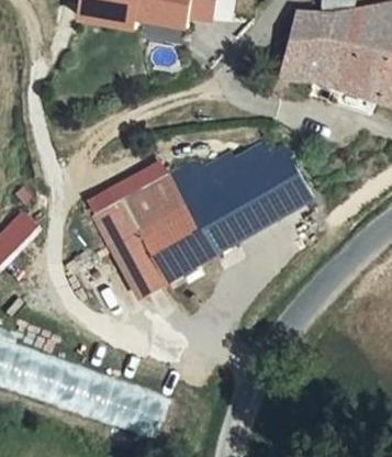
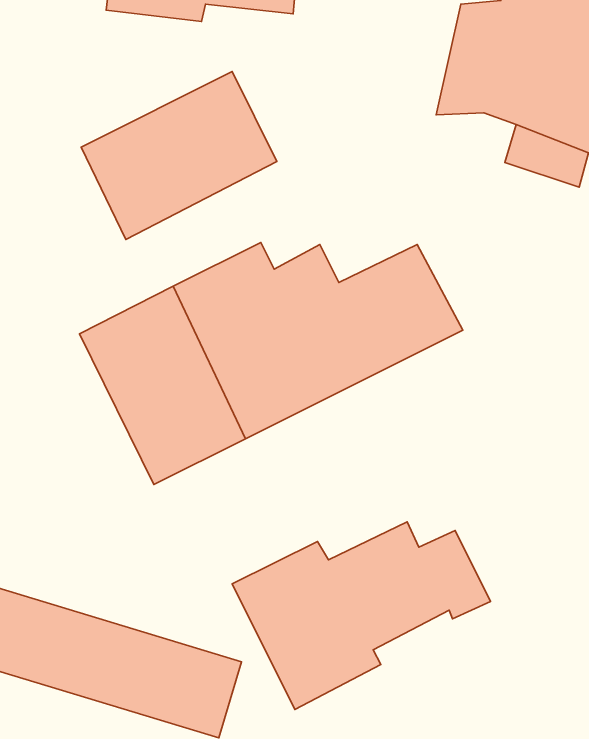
building: none -> [81,72,277,240]
building: none -> [232,522,491,710]

